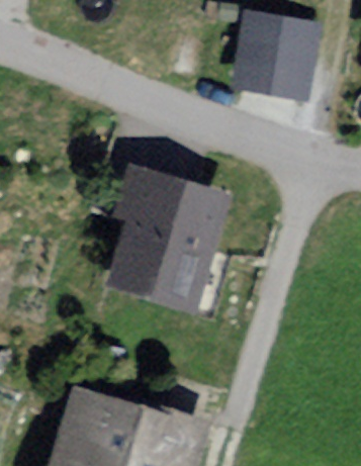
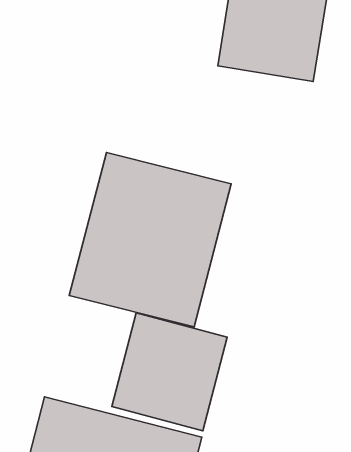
building: none -> [112,313,227,431]

